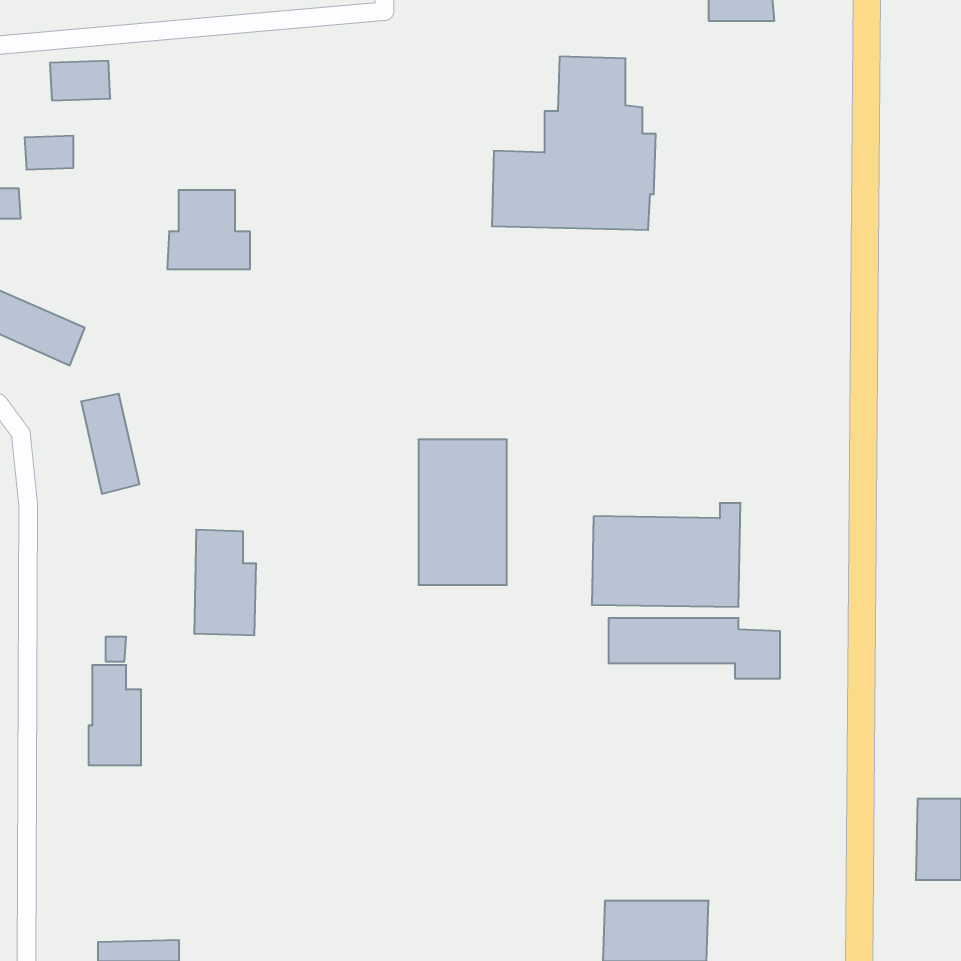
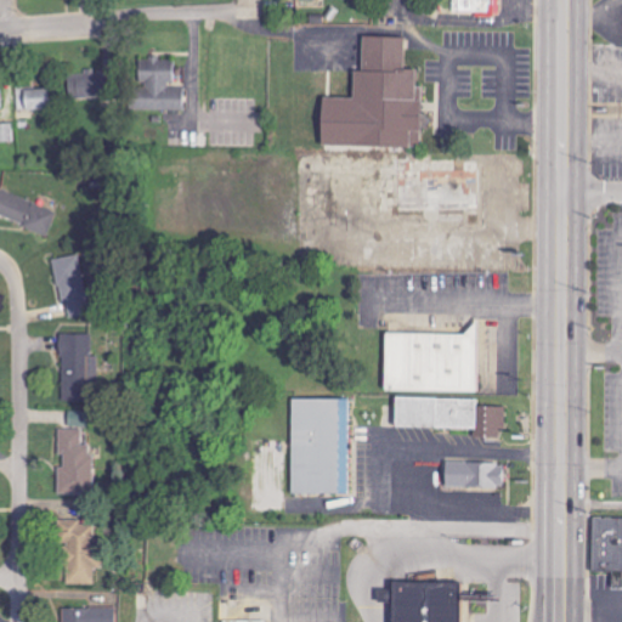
building: [50,61,110,100] -> [67,72,106,97]
building: [167,190,250,269] -> [130,58,183,109]
building: [418,440,507,585] -> [290,398,347,492]
building: [194,530,256,635] -> [61,334,101,402]
building: none -> [442,460,504,487]
building: none -> [61,519,101,583]

